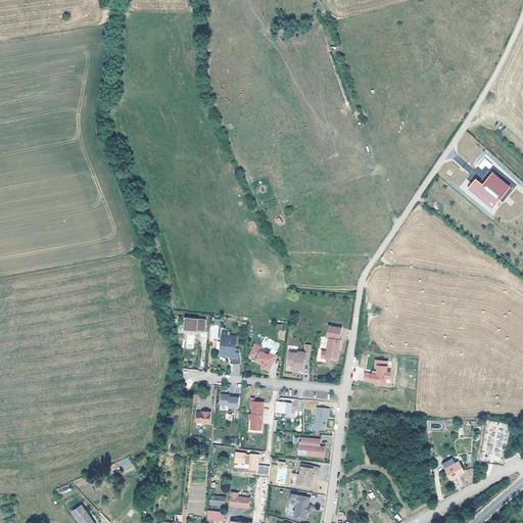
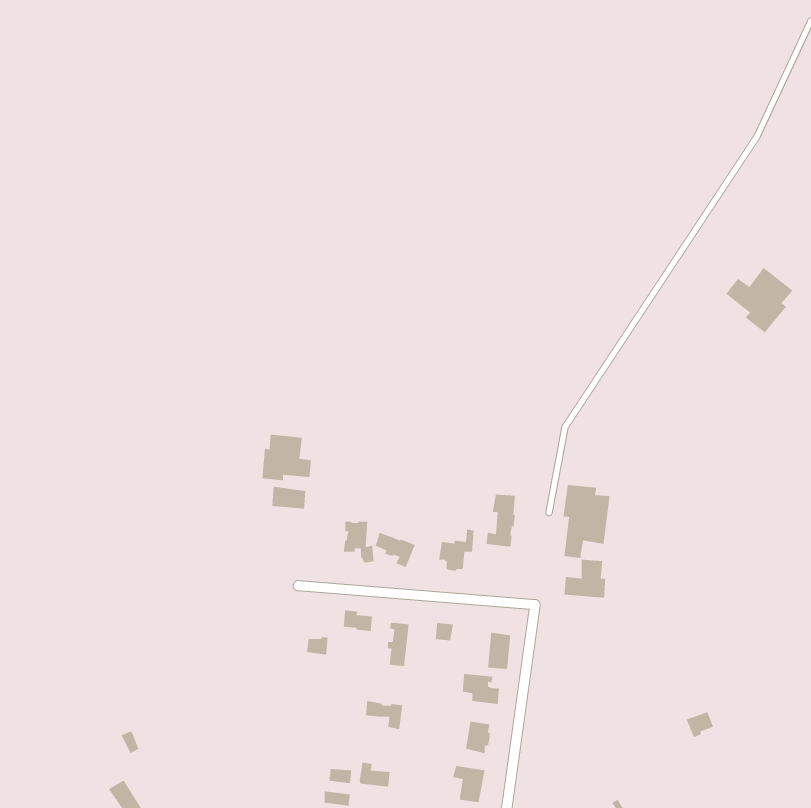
building: none -> [262,434,312,481]
building: none -> [562,484,610,559]

